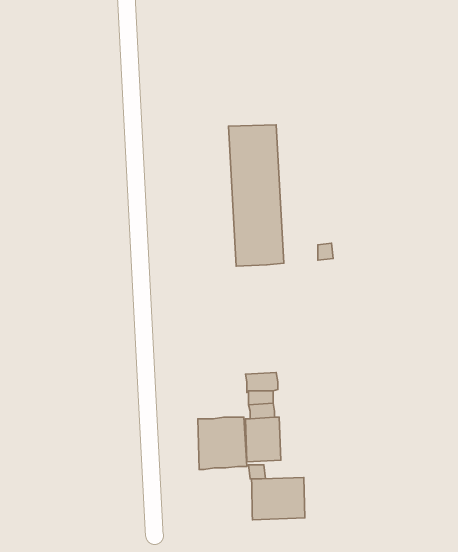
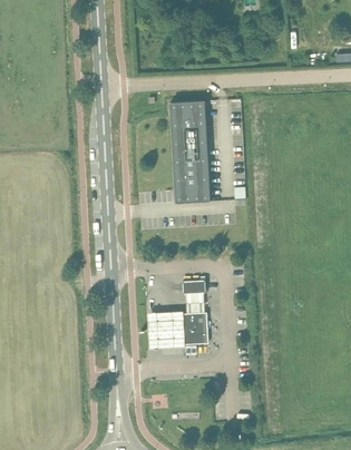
building: [252,477,305,520] -> none

